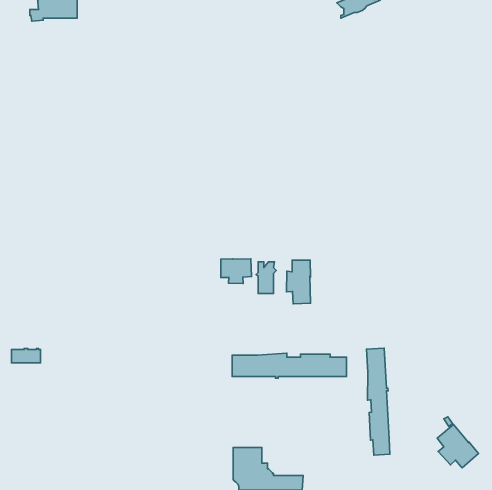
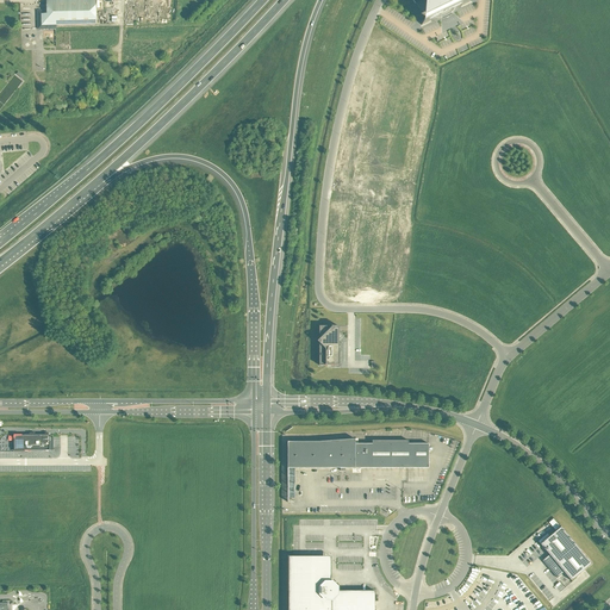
building: [221,259,251,283] -> none
building: [286,260,310,304] -> none
building: [366,348,390,455] -> none

